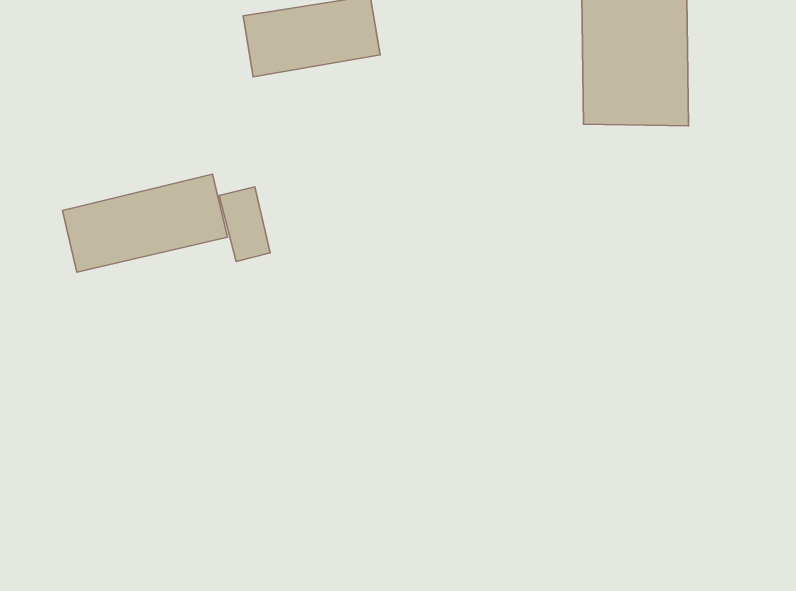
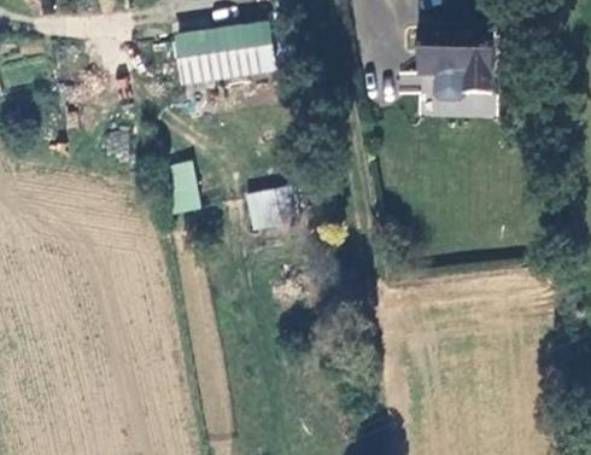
building: [63,174,228,272] -> none
building: none -> [251,185,304,226]

